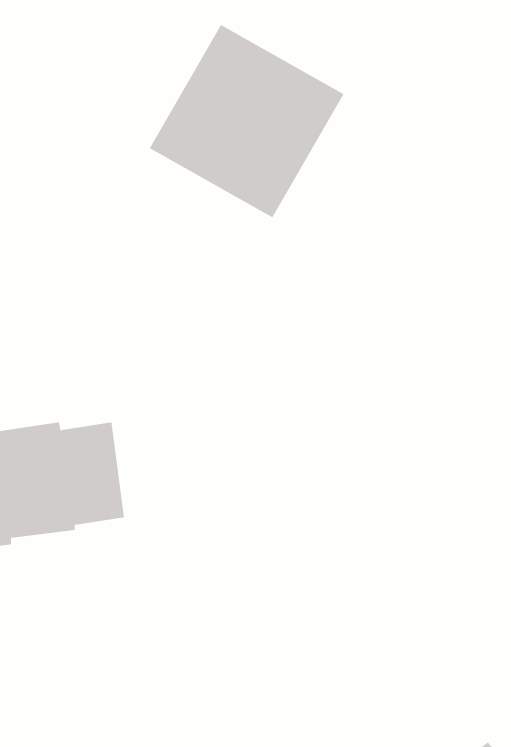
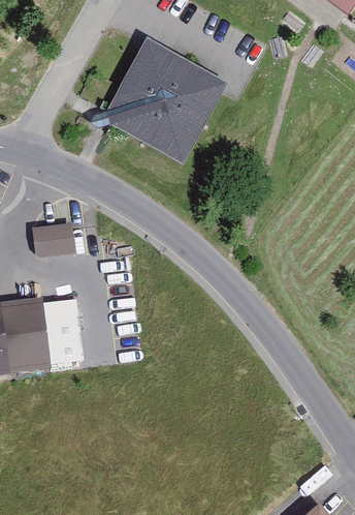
building: none -> [33,220,75,255]

